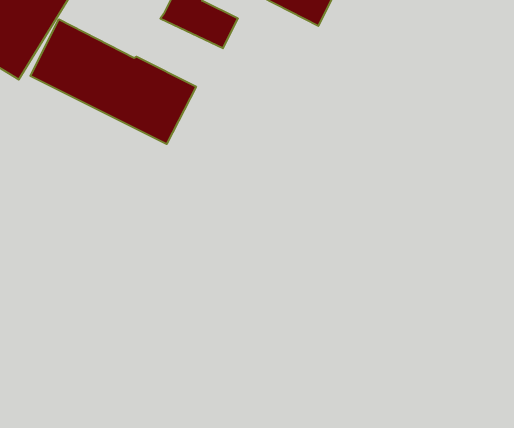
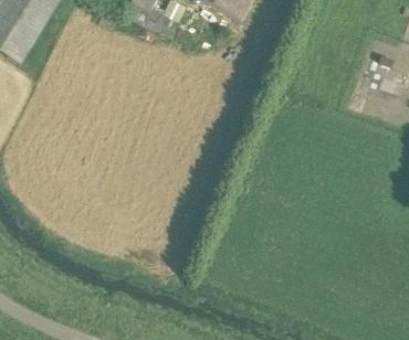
building: [30,19,196,144] -> none

